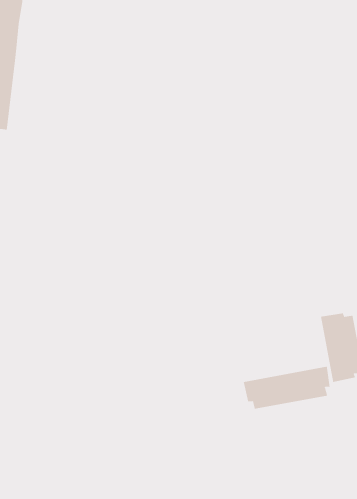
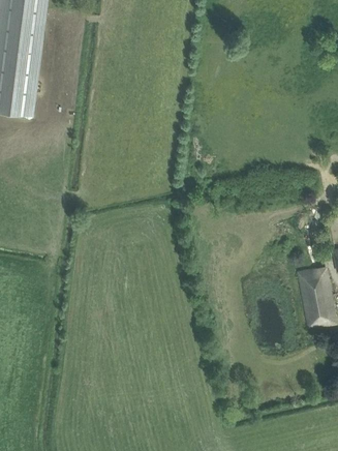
building: [243,366,330,409] -> none

